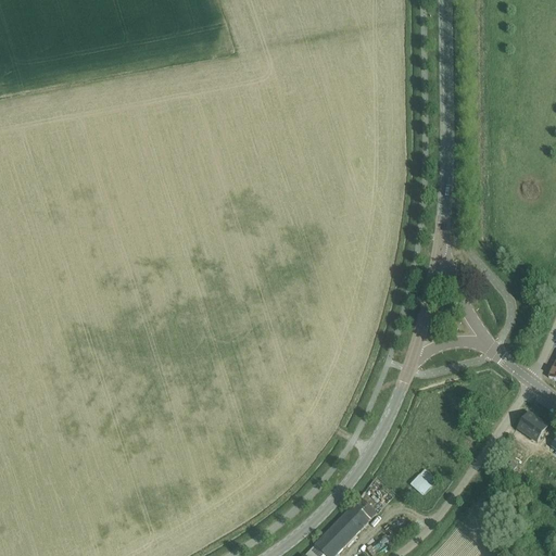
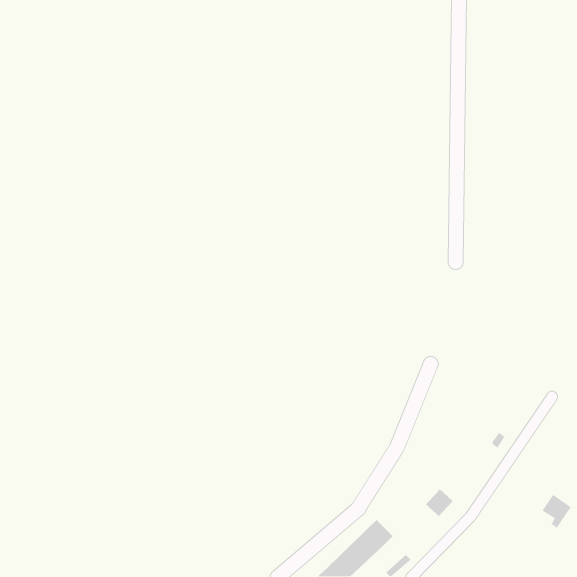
building: [517,412,546,445] -> [541,494,572,529]

